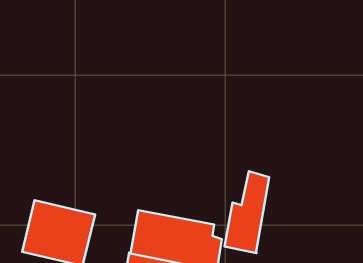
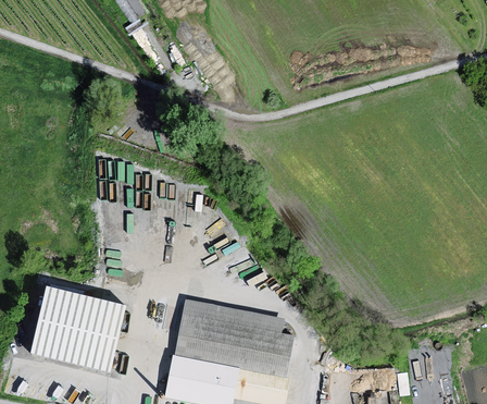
building: [224,171,269,253] -> none

